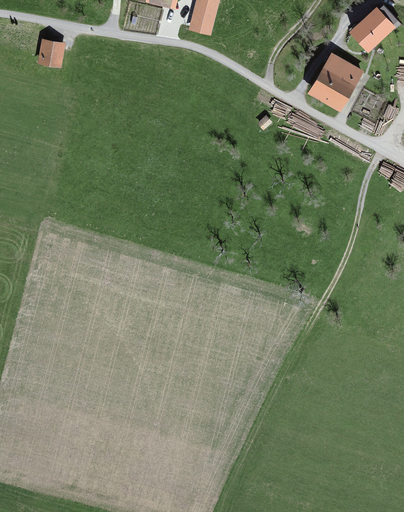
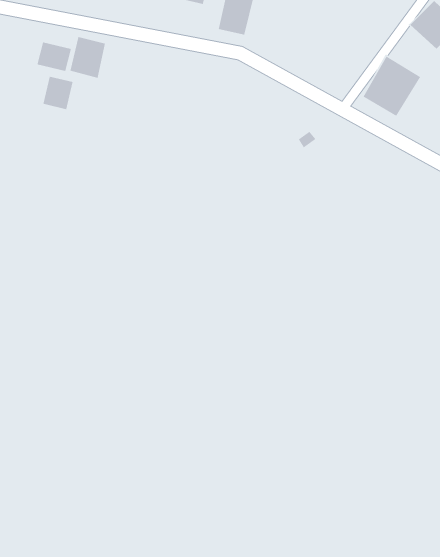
building: none -> [69,36,106,79]
building: none -> [42,76,73,110]

